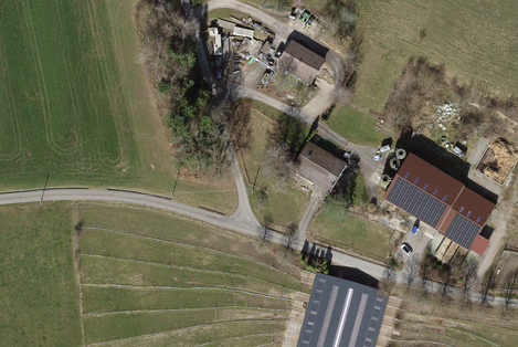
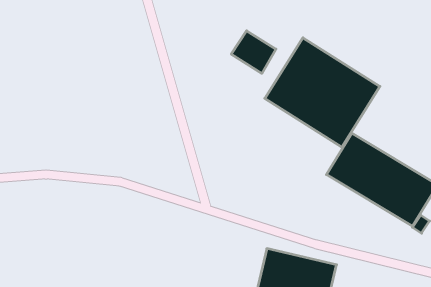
building: none -> [265,38,380,147]
building: [296,148,343,194] -> none

